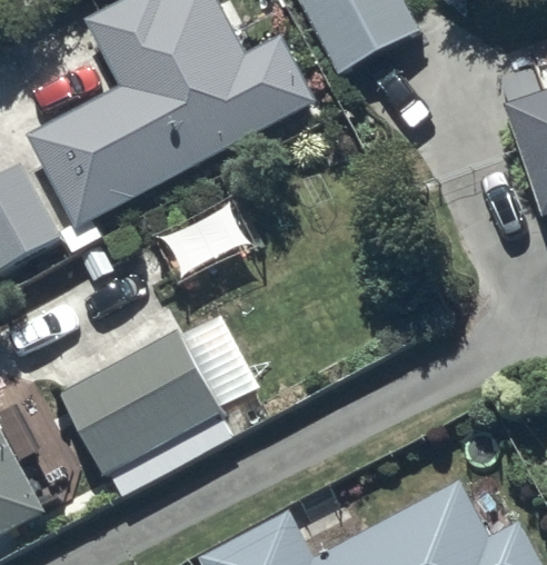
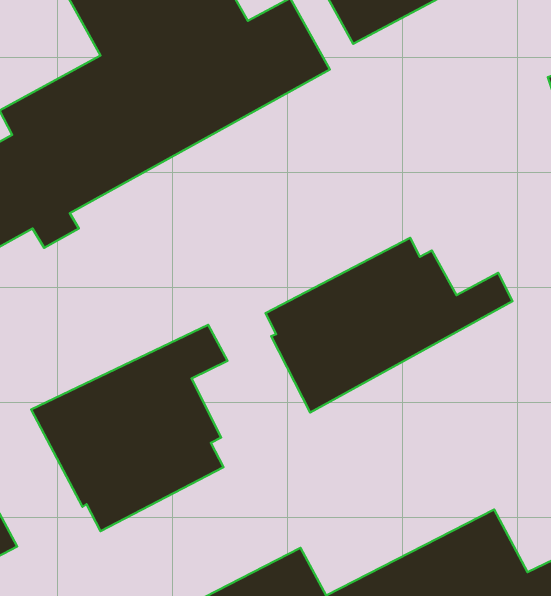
building: none -> [265,238,512,412]

